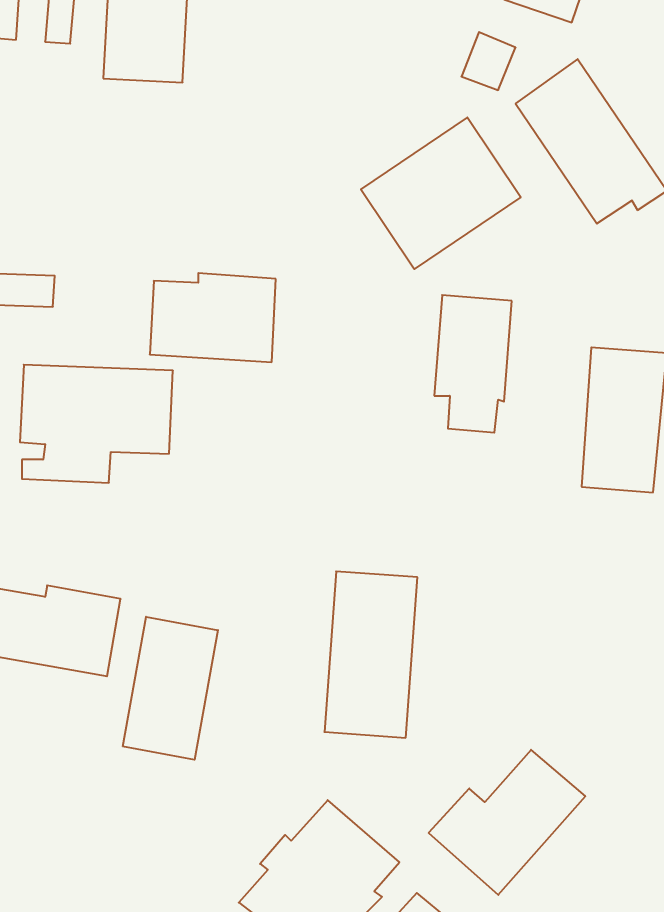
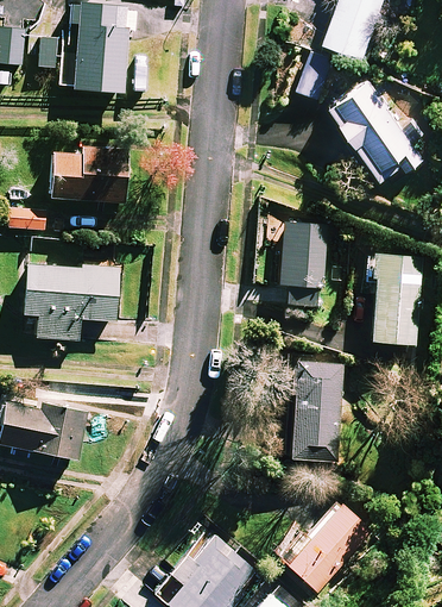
building: [361,117,521,269] -> none
building: [150,273,276,362] -> [51,148,128,202]
building: [324,571,417,738] -> [284,358,341,461]
building: [123,617,218,760] -> none

